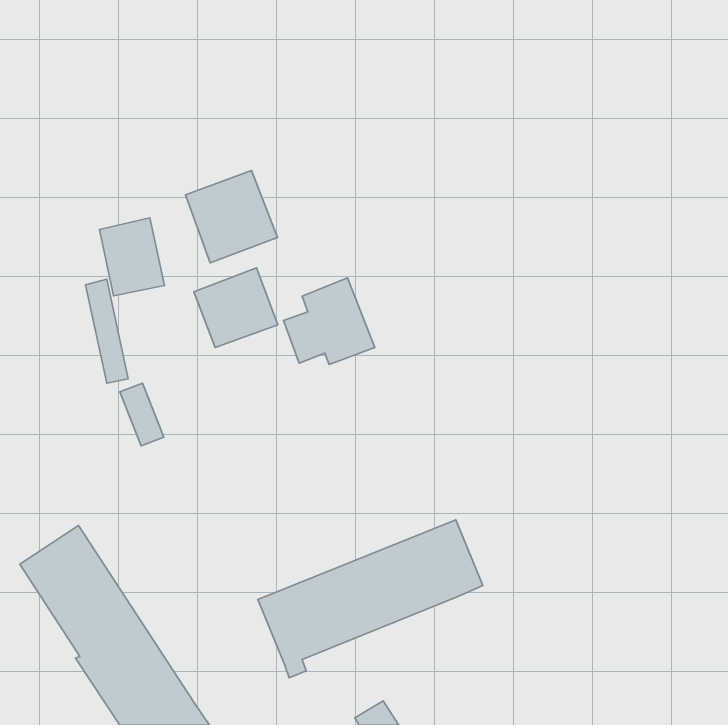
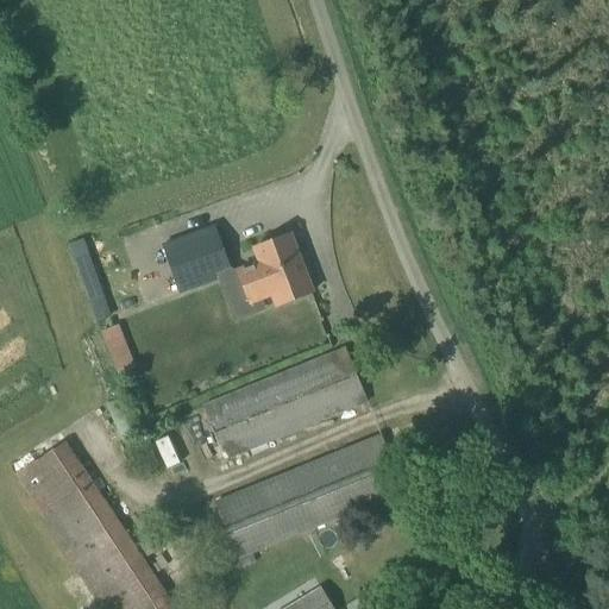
building: [185,171,277,263] -> none
building: [100,218,164,296] -> none
building: none -> [202,346,368,458]

